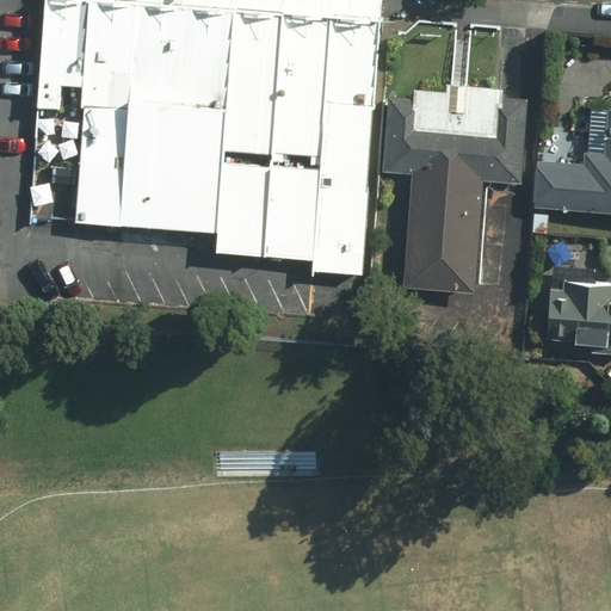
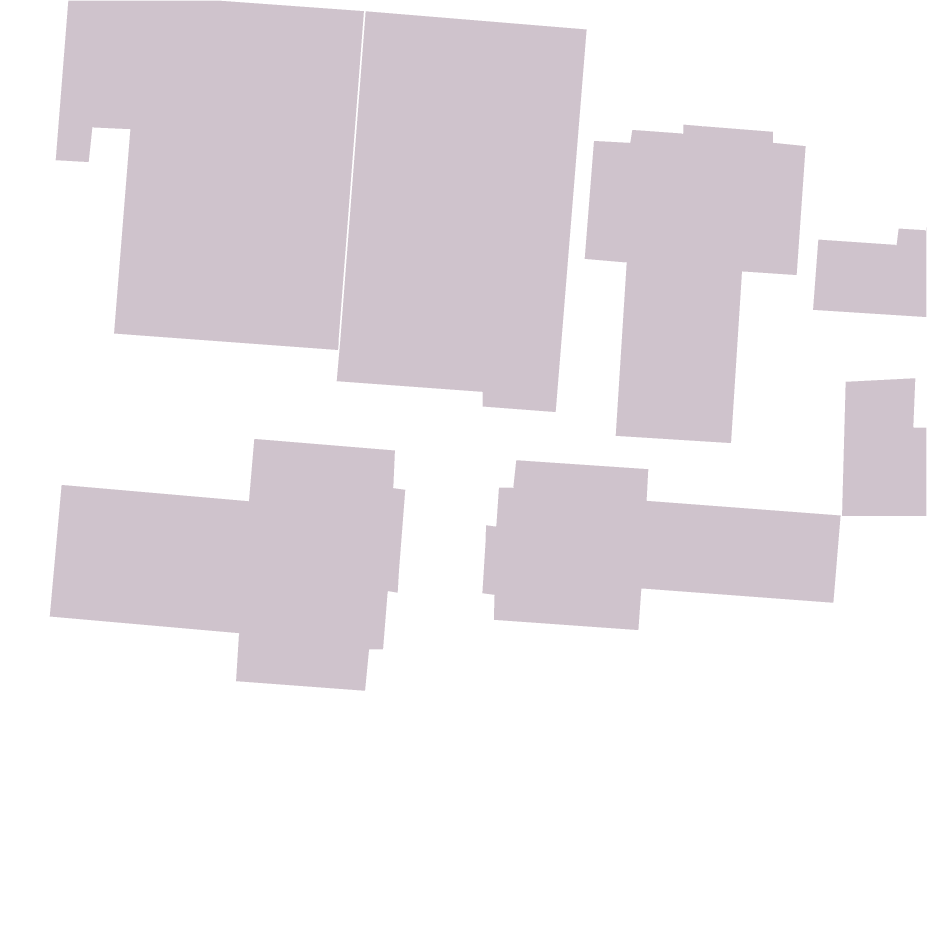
building: none -> [49,438,406,692]
building: none -> [482,460,841,631]

